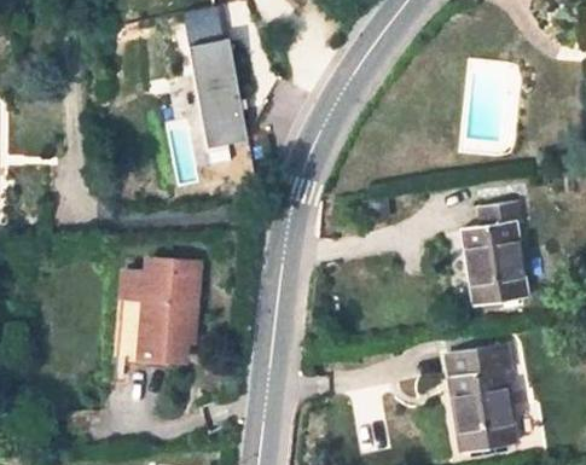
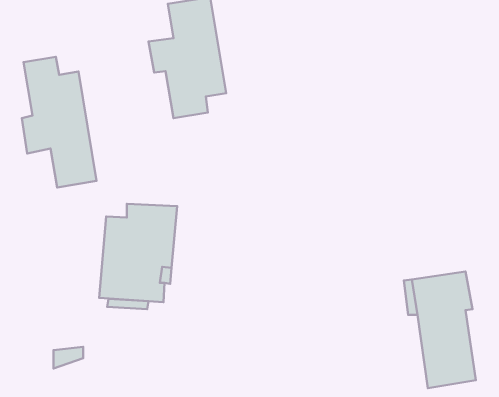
building: none -> [22,57,97,188]
building: [465,200,528,304] -> none

